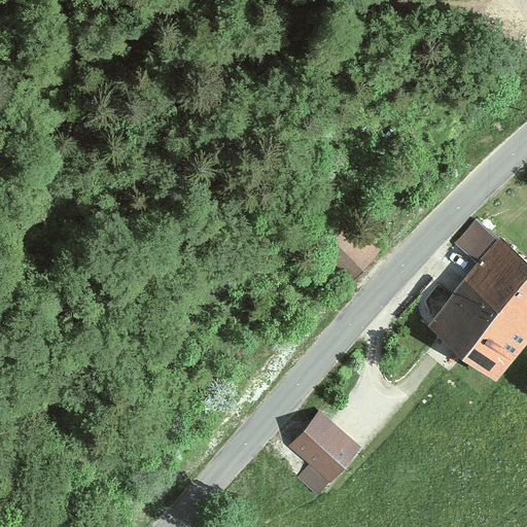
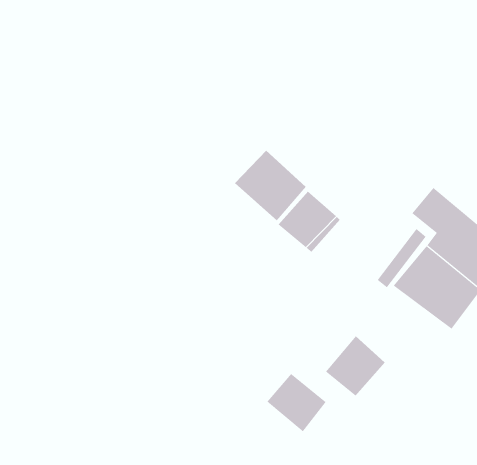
building: none -> [234,150,307,221]
building: none -> [325,336,385,397]

